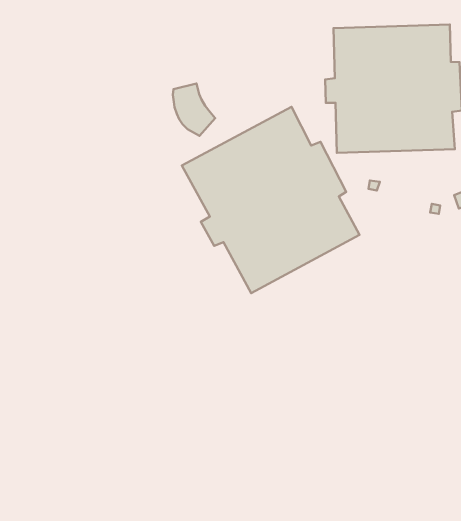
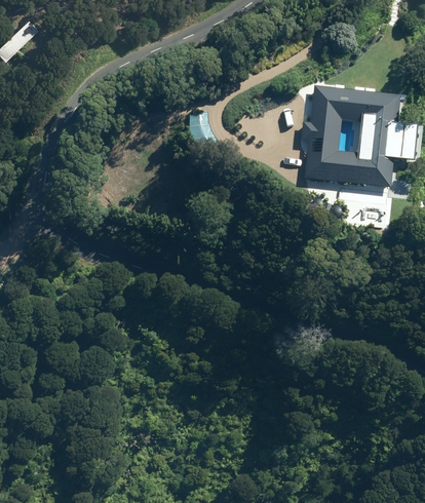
building: [182,107,360,293] -> none

